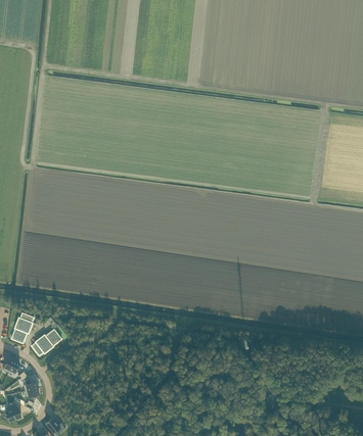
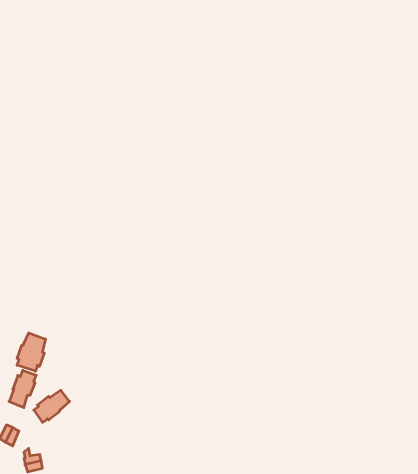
building: none -> [17,333,46,371]

